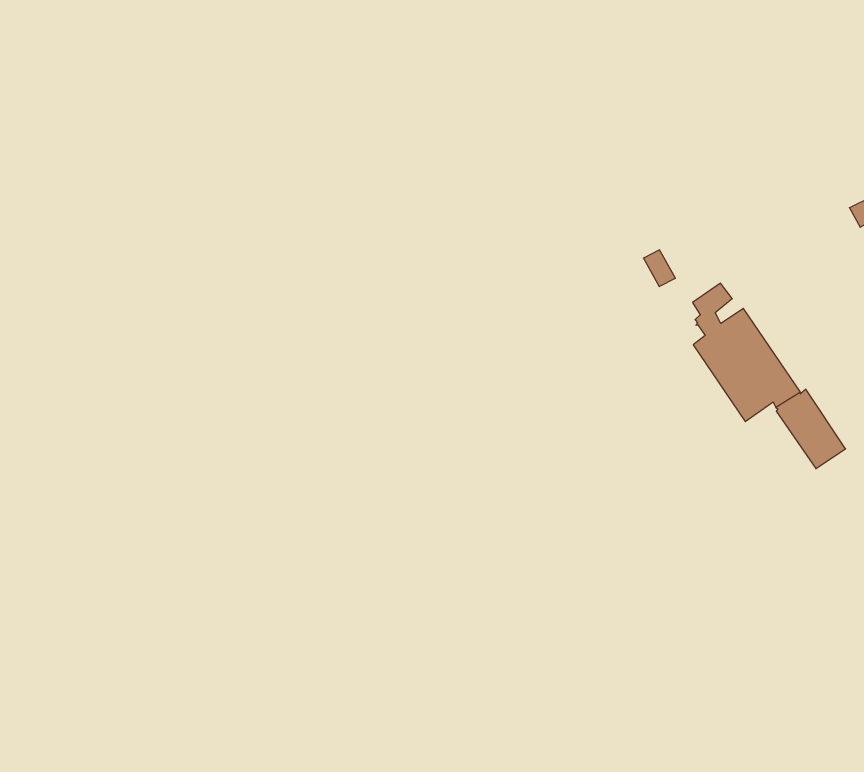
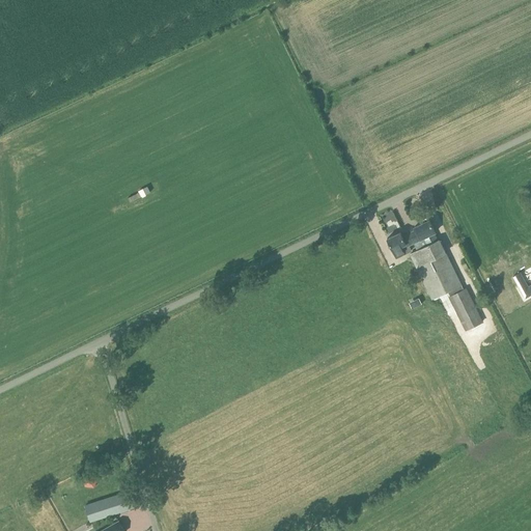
building: none -> [387,231,415,258]

